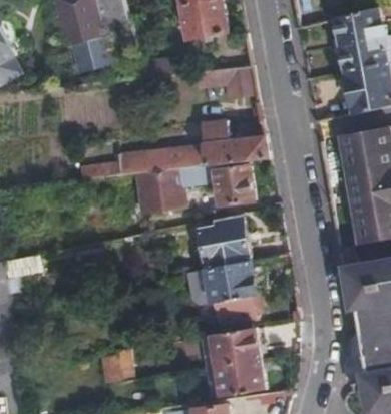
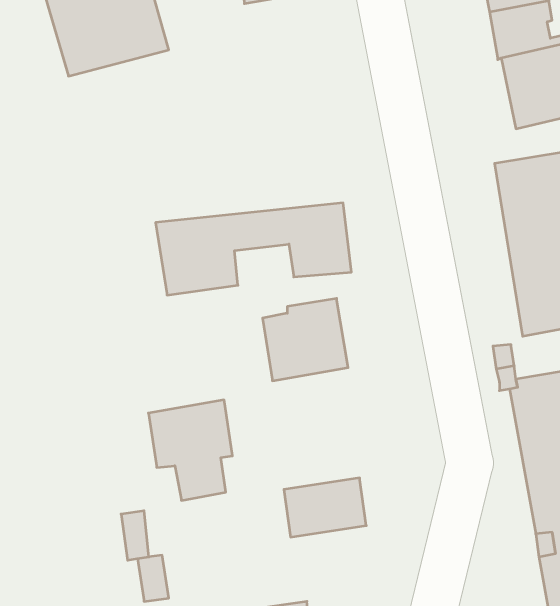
building: [213,66,249,98] -> none
building: [81,117,267,176] -> none
building: [205,260,256,321] -> [148,400,232,500]
building: [216,356,267,394] -> none

